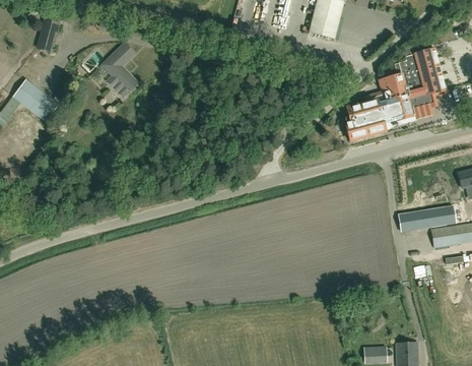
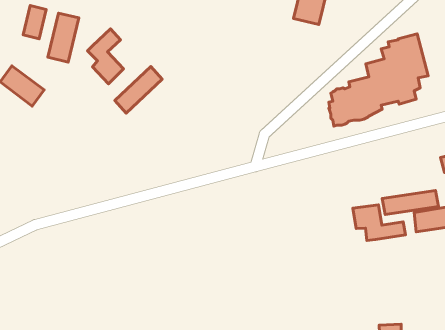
building: none -> [48,13,79,62]
building: none -> [115,66,162,113]
building: none -> [353,205,406,241]

